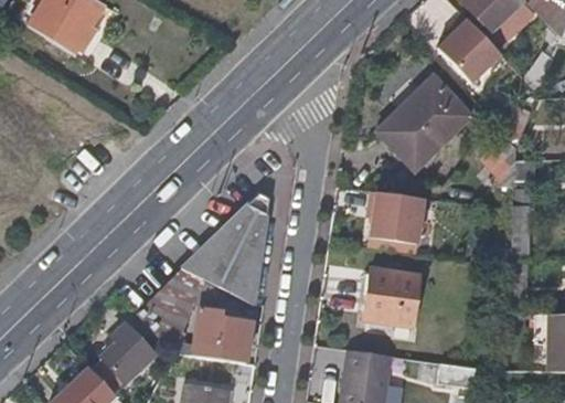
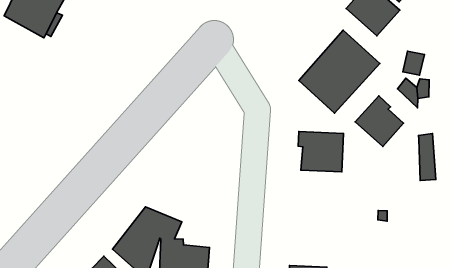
building: none -> [355,96,404,147]
building: [181,203,268,305] -> none
building: [363,267,419,328] -> none

